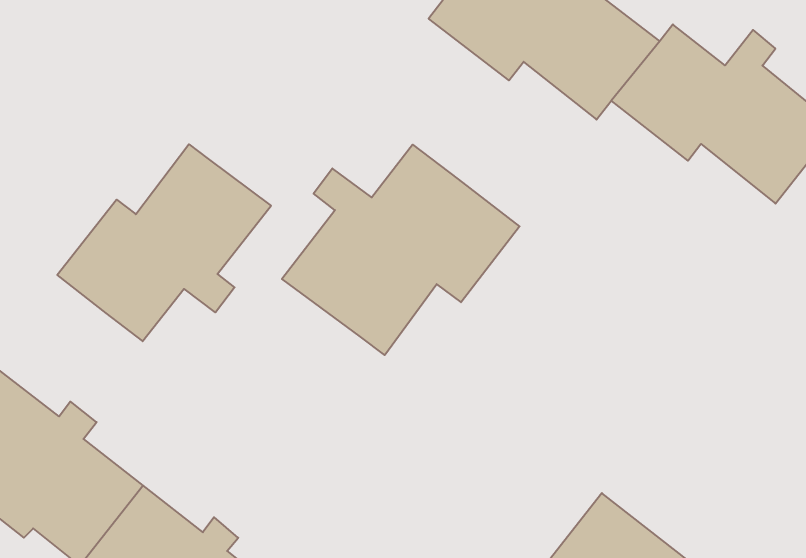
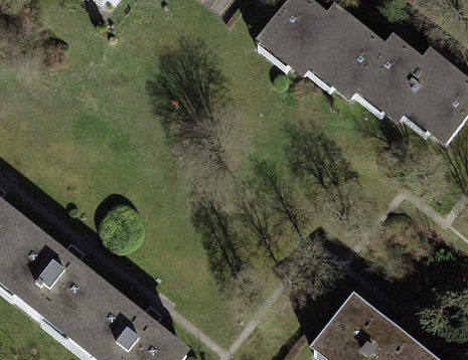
building: [57,144,271,341] -> none
building: [282,145,520,355] -> none

